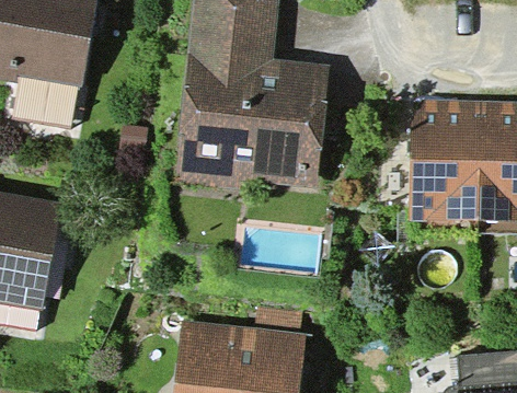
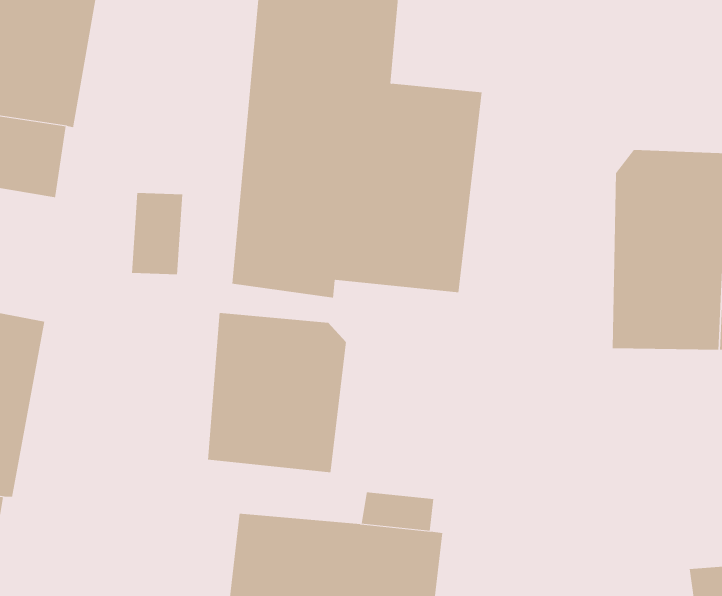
building: none -> [207,312,346,473]

